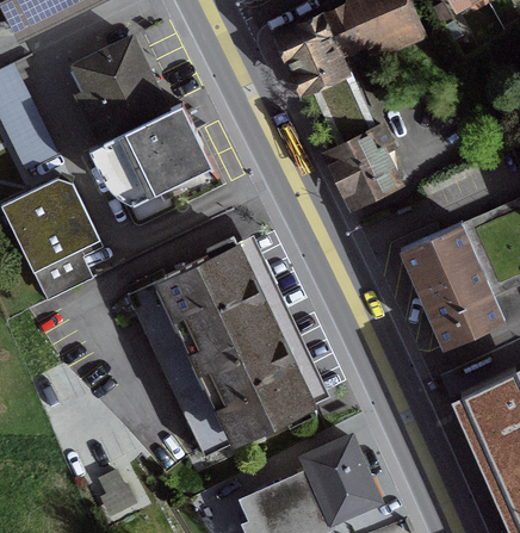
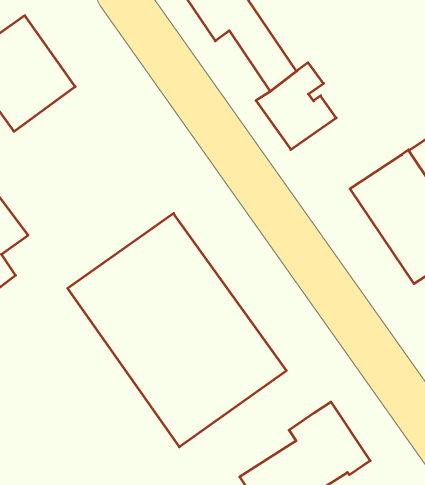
building: [104,104,218,211] -> none

